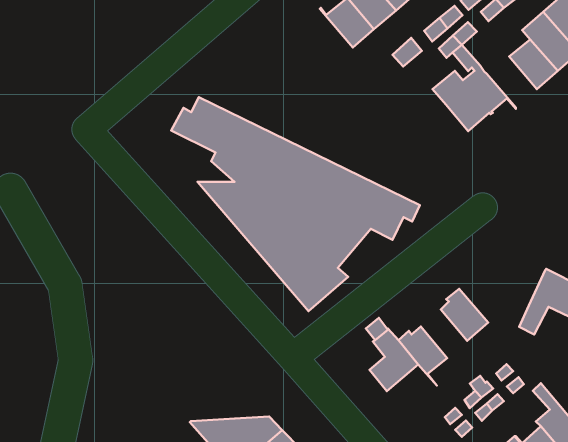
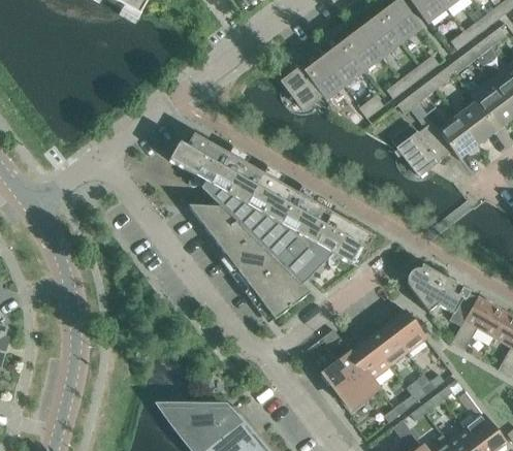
building: none -> [281,66,326,109]
building: none -> [437,116,478,160]
building: none -> [407,264,476,326]
building: none -> [368,325,407,366]
building: none -> [336,371,379,414]

